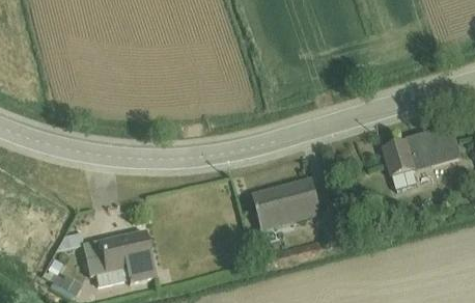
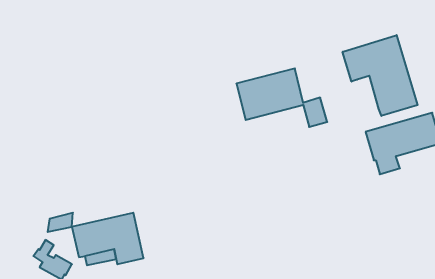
building: none -> [343,35,418,116]
building: [253,177,346,238] -> [236,68,327,127]

